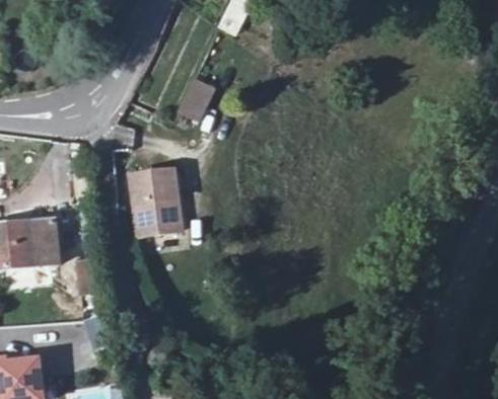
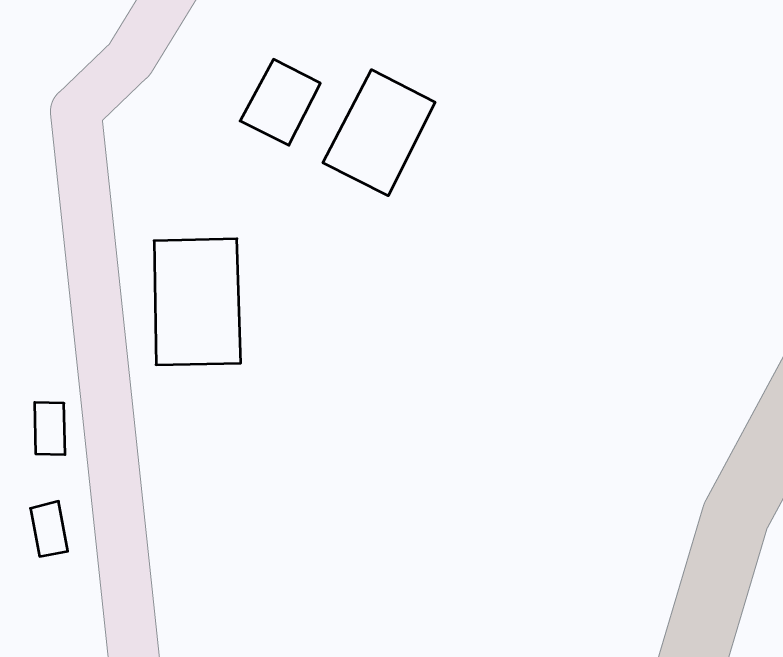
building: none -> [323,70,435,196]

